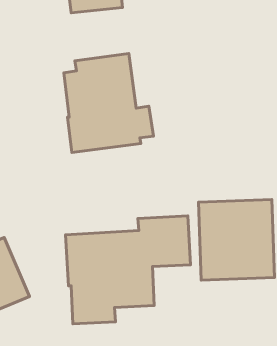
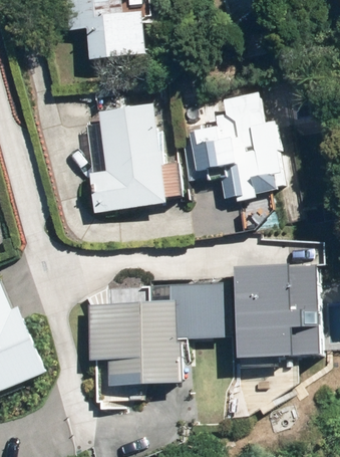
building: none -> [177,90,291,199]

